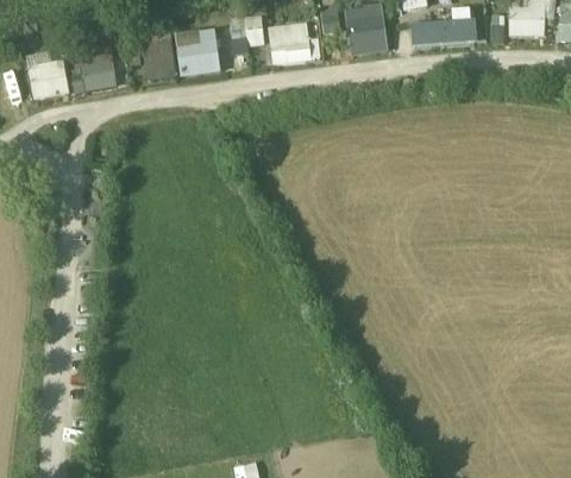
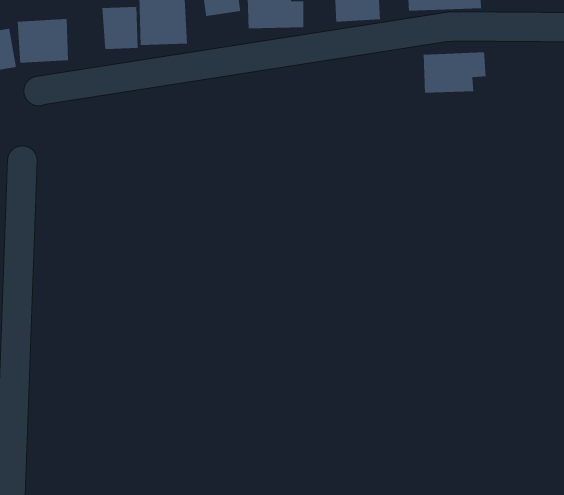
building: none -> [423,51,487,94]

